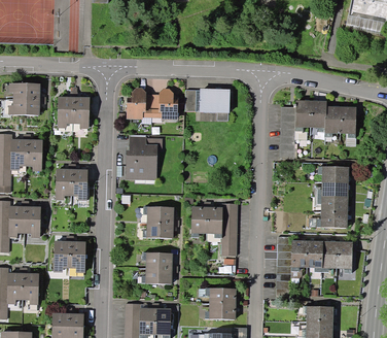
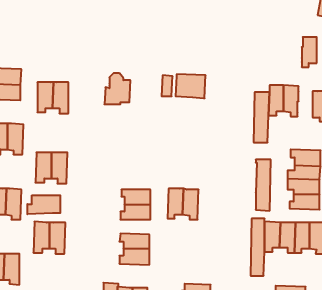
building: [151,89,177,120] -> none
building: [324,106,340,137] -> [302,37,317,67]
building: [125,136,162,180] -> none
building: [221,204,237,257] -> [256,160,271,211]
building: none -> [27,195,60,214]
building: [205,288,236,305] -> none

